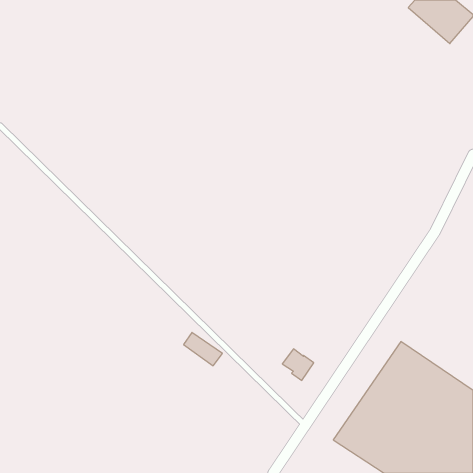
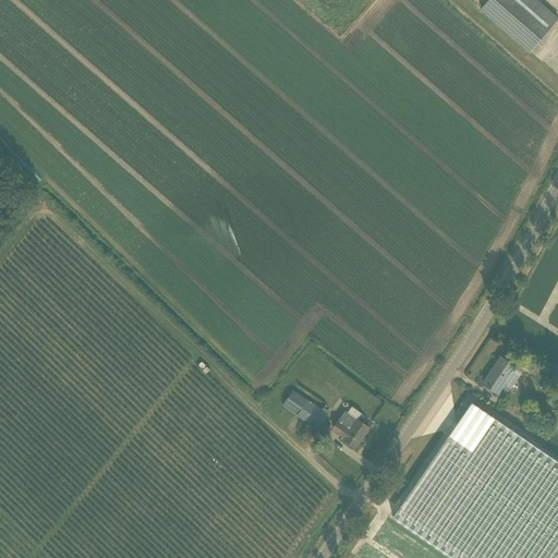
building: none -> [483,356,522,393]
building: [184,332,222,366] -> [283,390,329,429]

